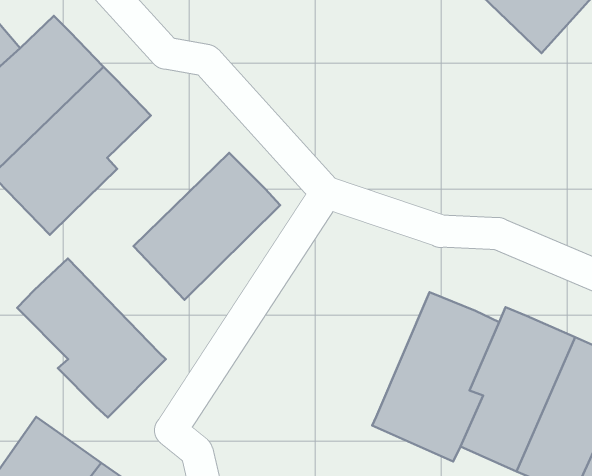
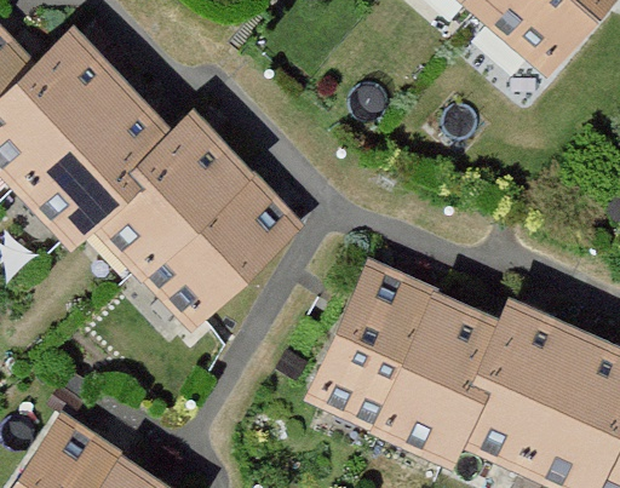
building: none -> [90,108,243,270]
building: none -> [316,262,442,421]
building: [17,259,166,417] -> none

